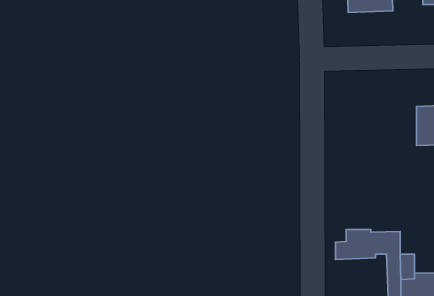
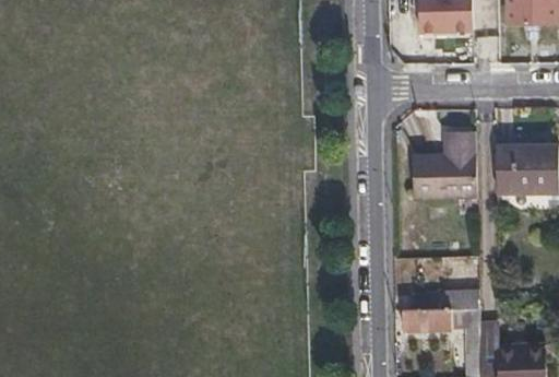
building: none -> [413,133,477,200]

